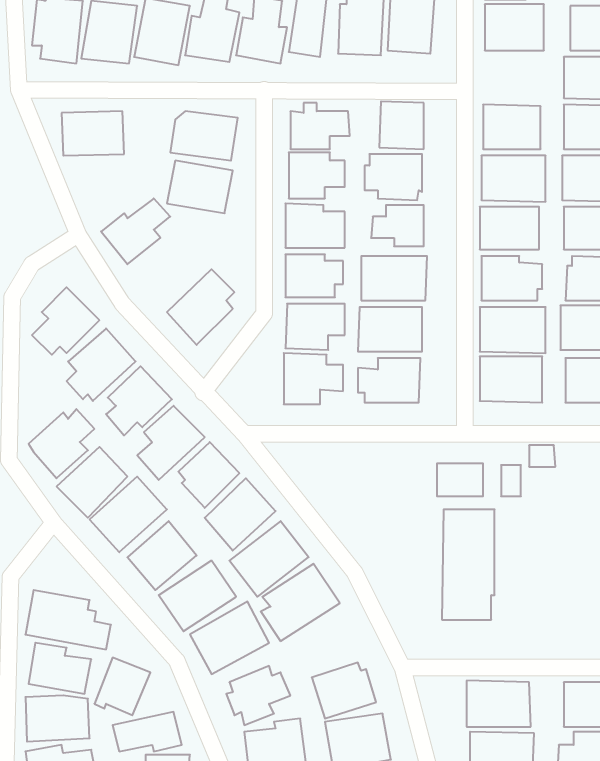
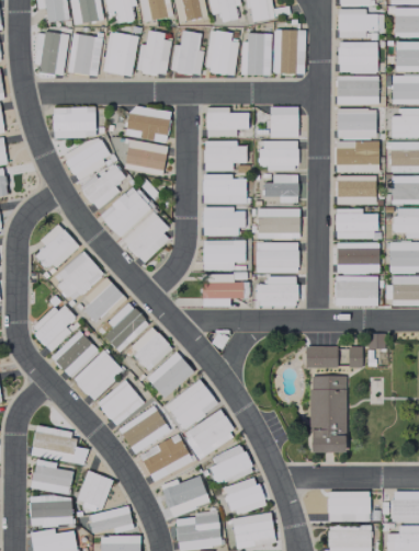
building: none -> [336,73,378,103]
building: none -> [68,140,112,184]
building: none -> [102,190,152,239]
building: none -> [211,444,252,480]

